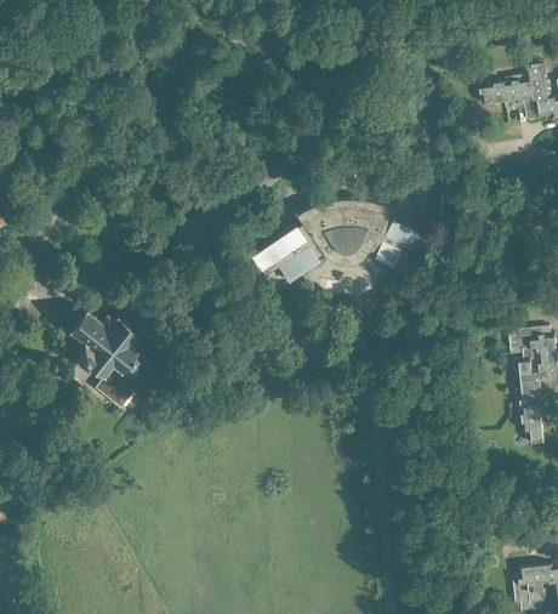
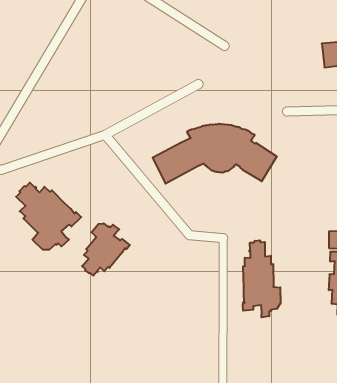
building: none -> [243,240,281,317]
building: none -> [82,223,130,276]

